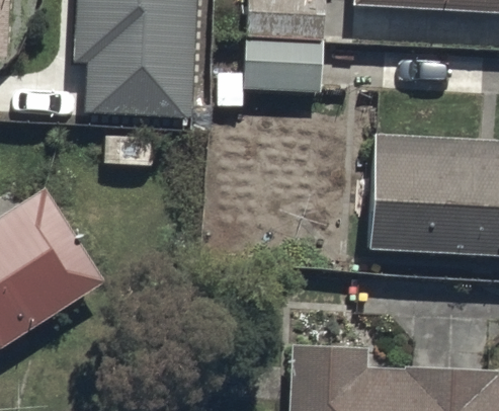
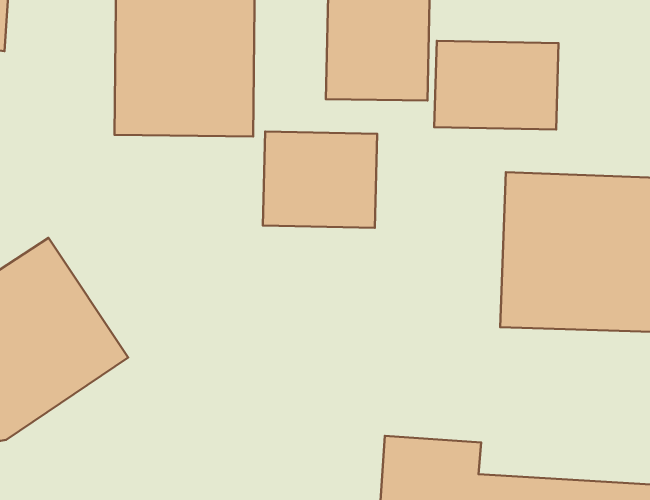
building: none -> [434,41,559,130]
building: none -> [263,132,377,228]

